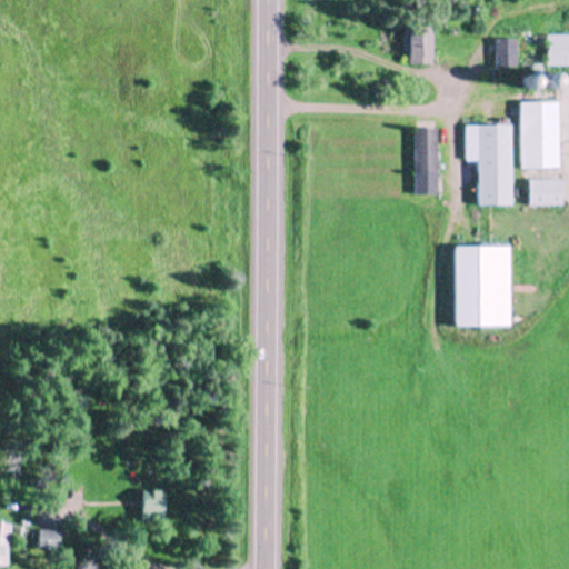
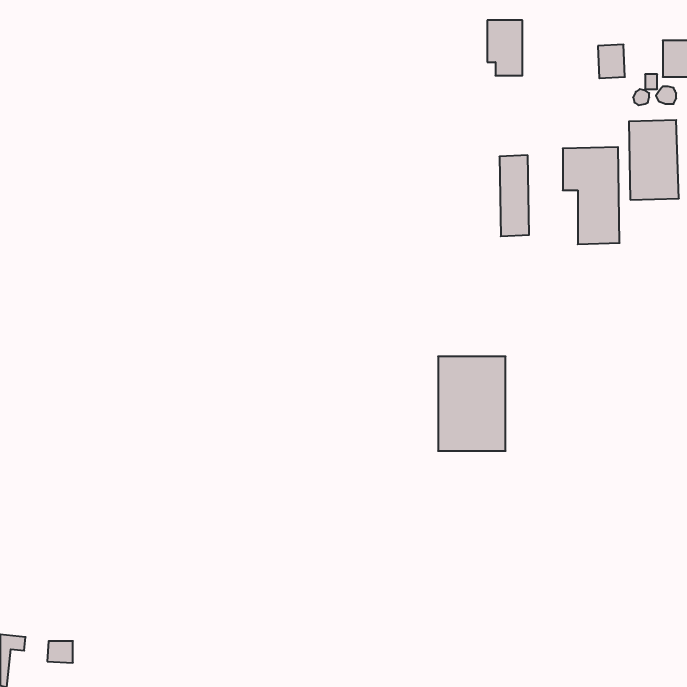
building: [529,180,563,204] -> none
building: [456,247,511,325] -> [438,356,506,451]
building: [144,490,167,523] -> none

